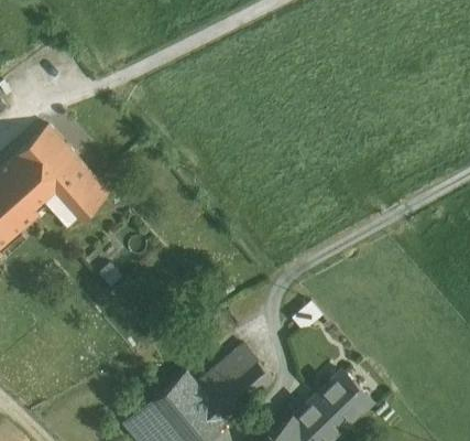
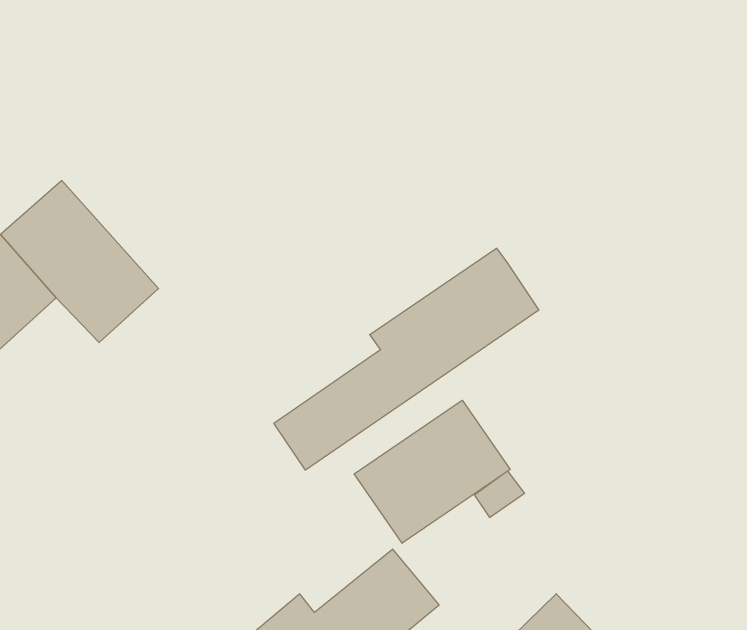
building: none -> [274,248,539,470]
building: none -> [354,400,510,543]

